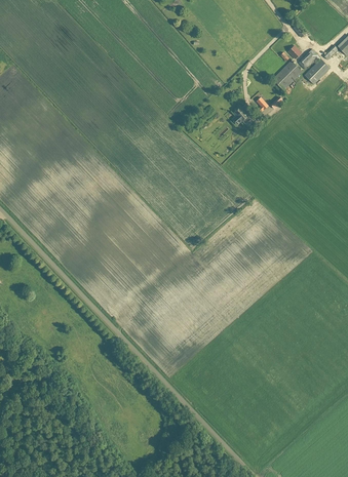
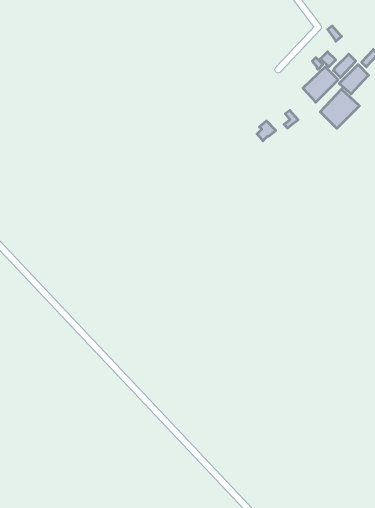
building: none -> [320,89,359,128]

